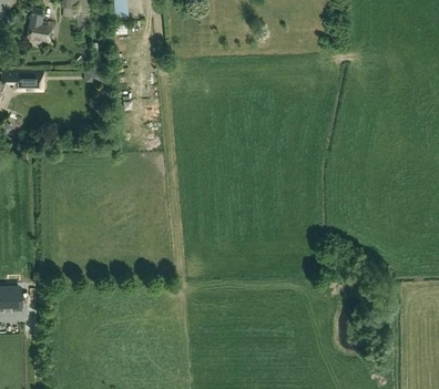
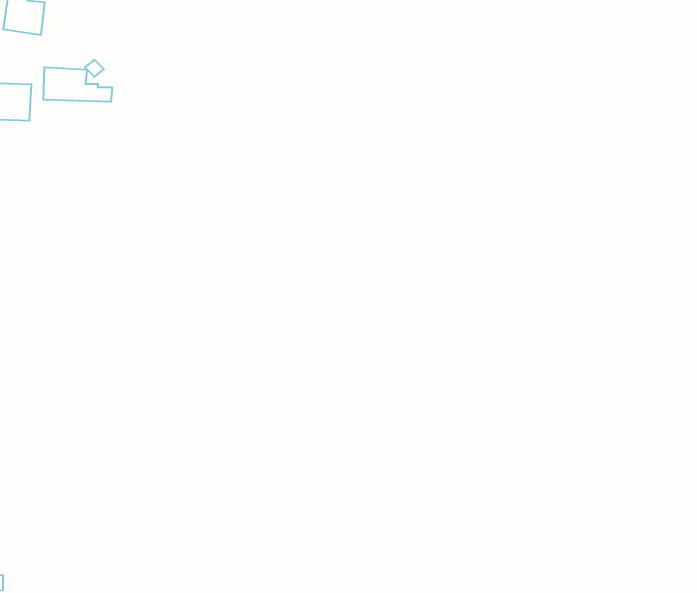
building: none -> [44,67,112,102]

